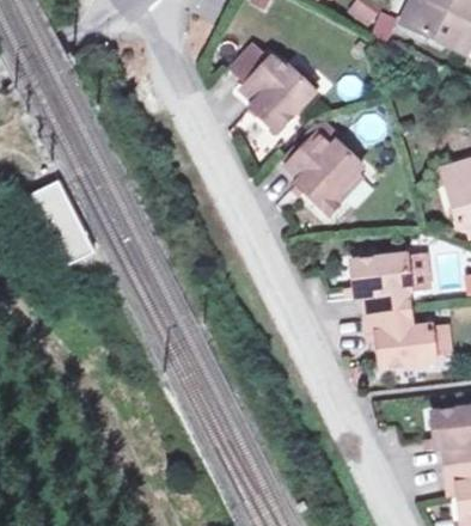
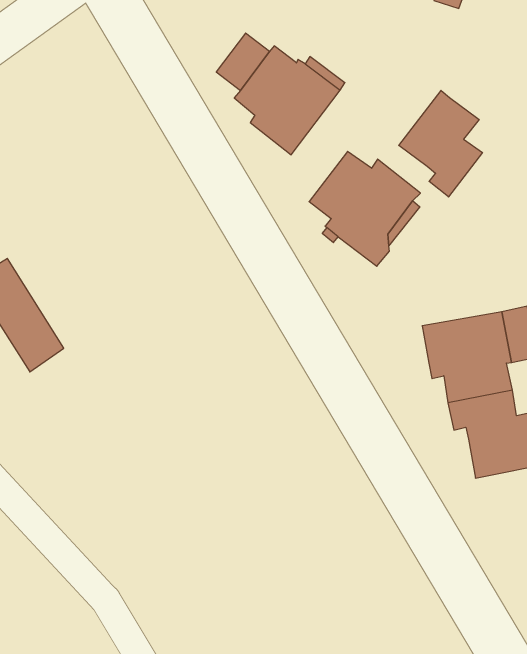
building: none -> [399,90,482,197]

